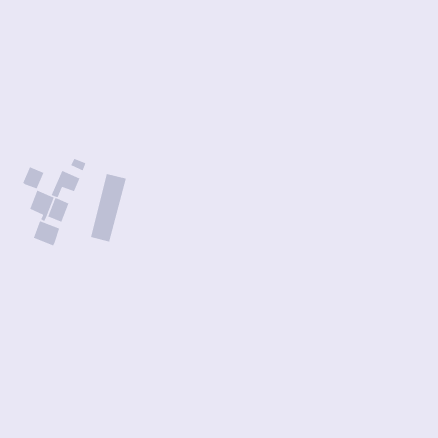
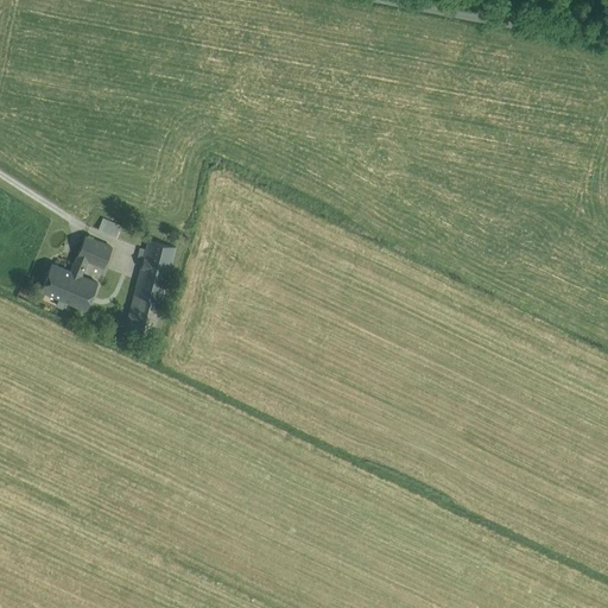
building: [22,166,45,190] -> none
building: [33,220,60,246] -> none

